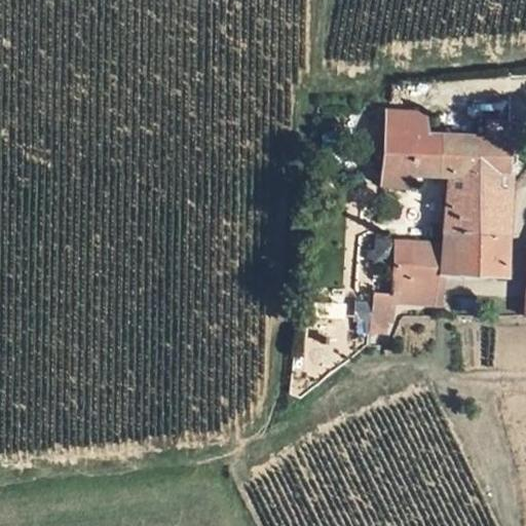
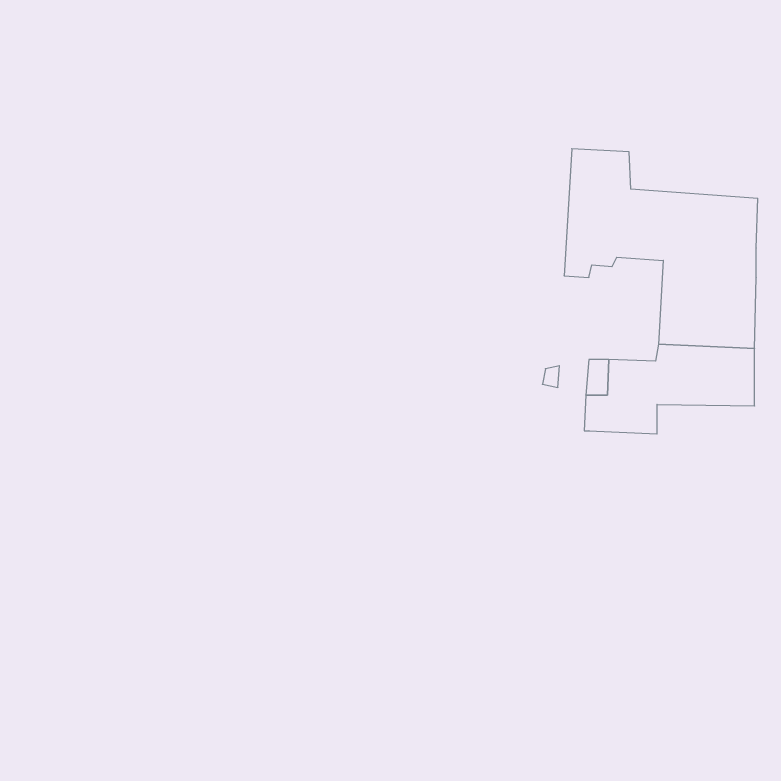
building: [372,293,398,333] -> none

